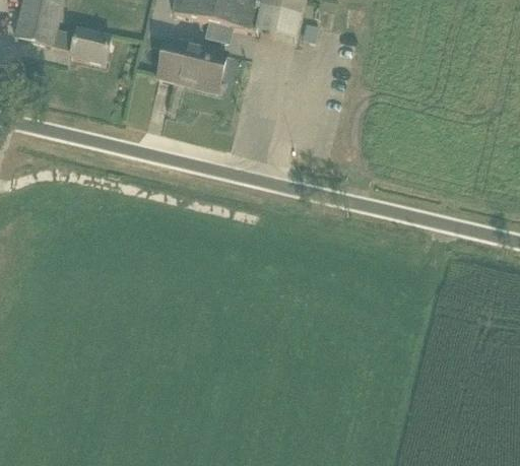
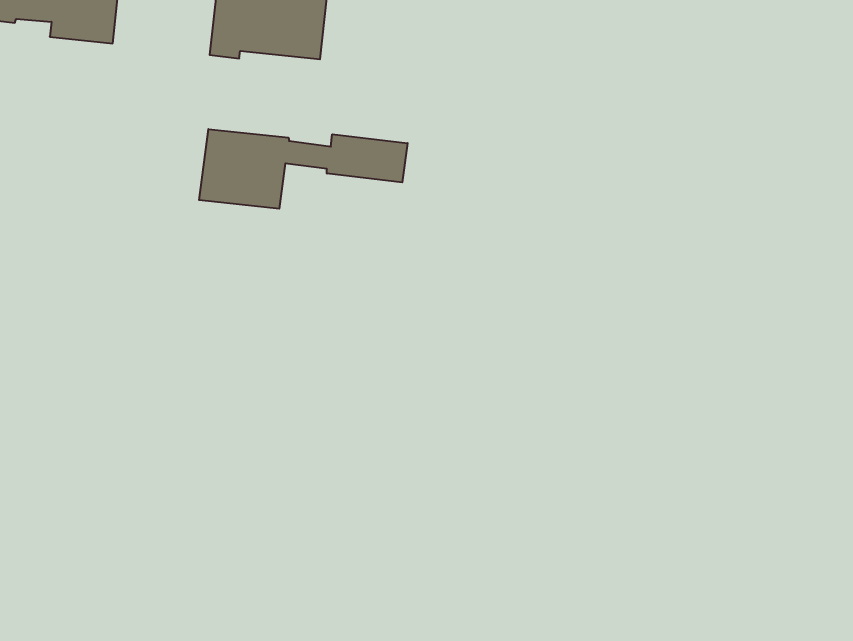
building: none -> [199,129,408,209]

